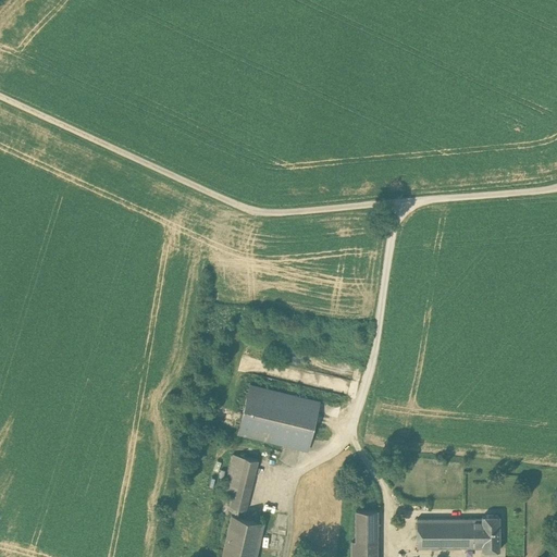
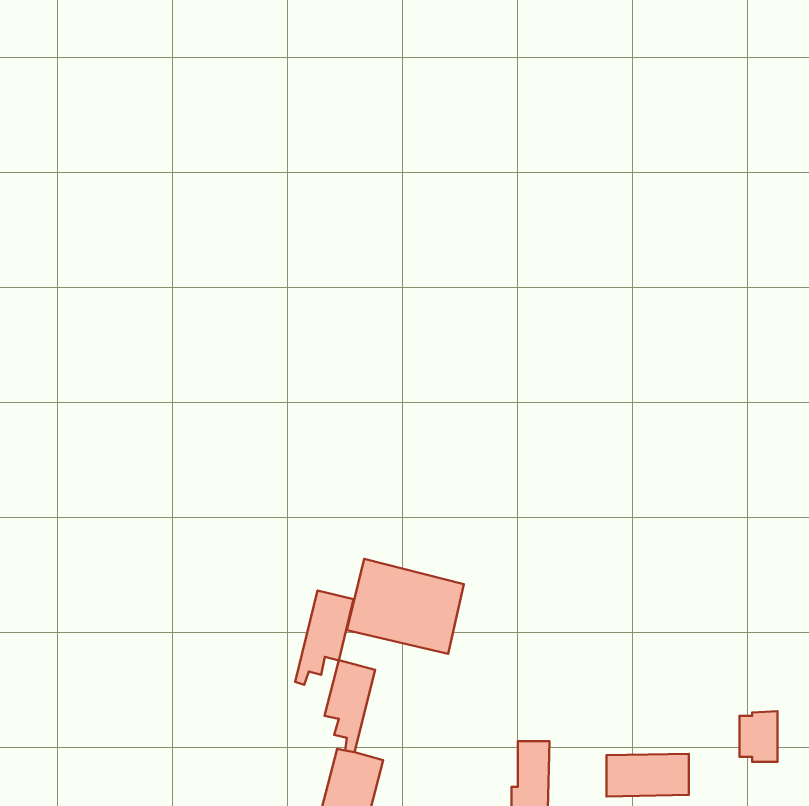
building: none -> [295,591,353,685]
building: [473,517,499,552] -> [739,711,777,762]

